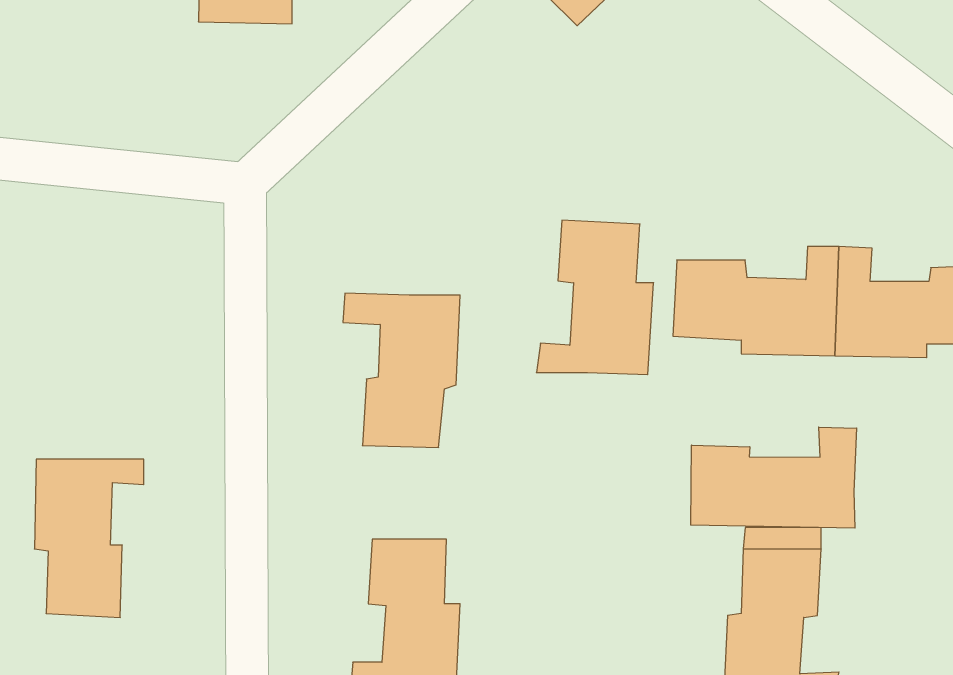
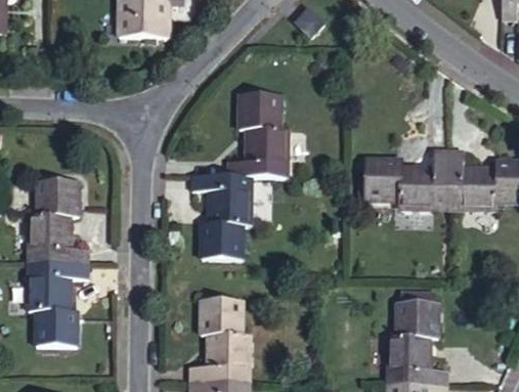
building: [536,220,654,375] -> [225,97,287,178]
building: none -> [30,183,86,263]
building: [691,427,857,528] -> none

